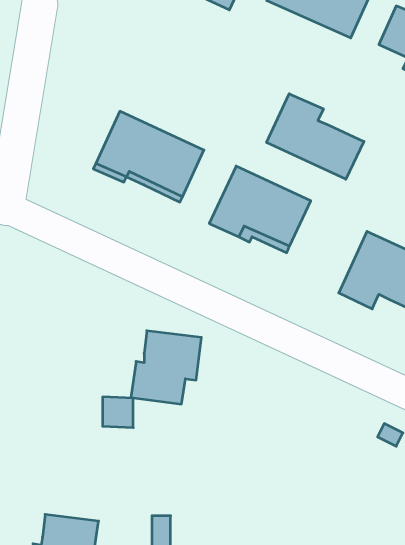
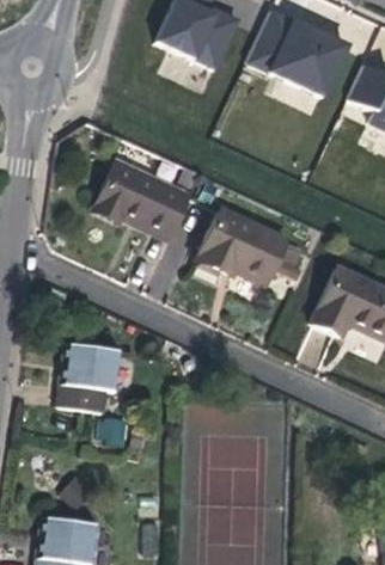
building: [267,94,364,179] -> none
building: [131,331,201,404] -> [57,345,121,411]

